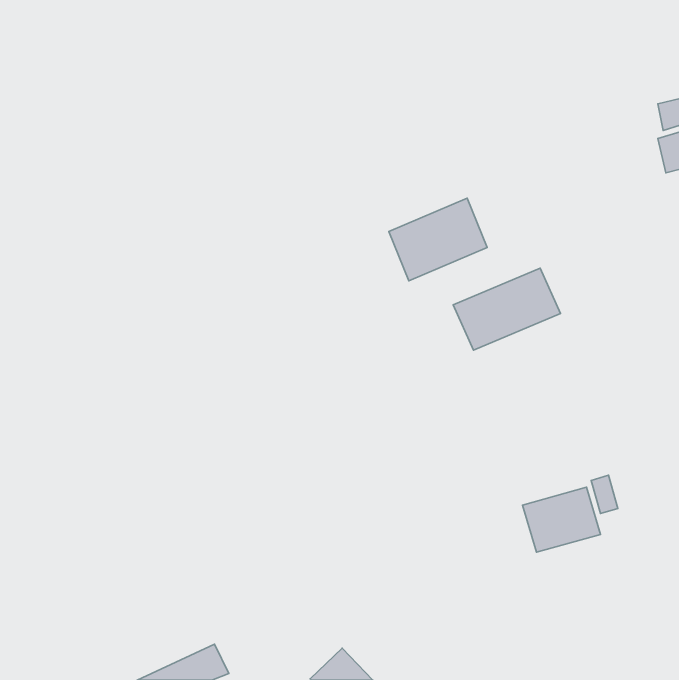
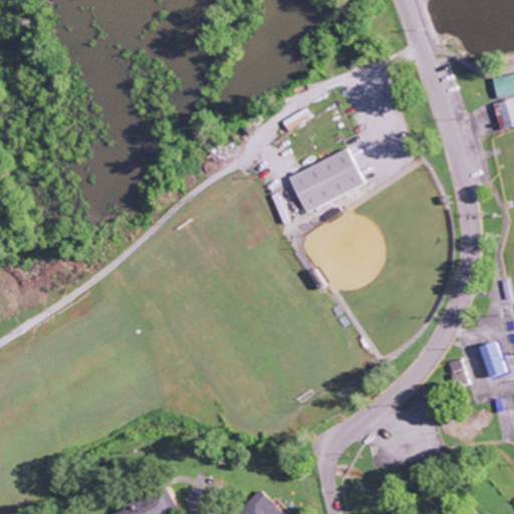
building: [453,268,560,350] -> none
building: none -> [476,340,504,377]
building: [522,487,600,552] -> none

